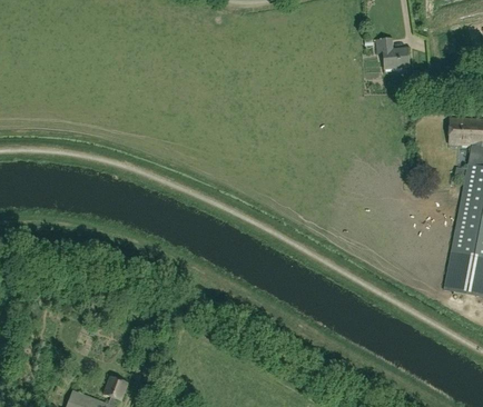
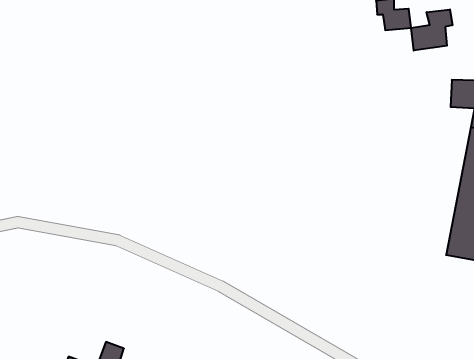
building: none -> [411,9,452,51]

